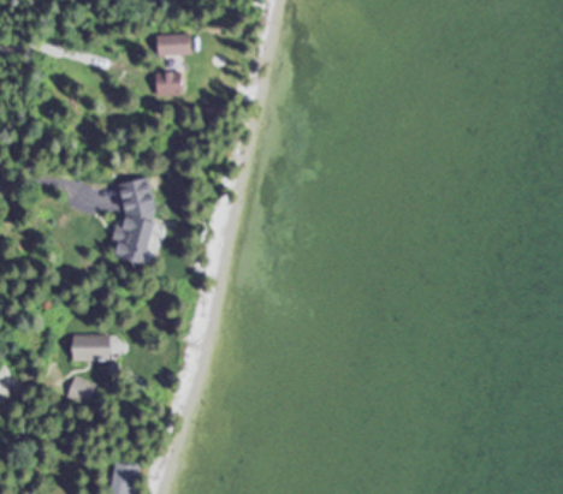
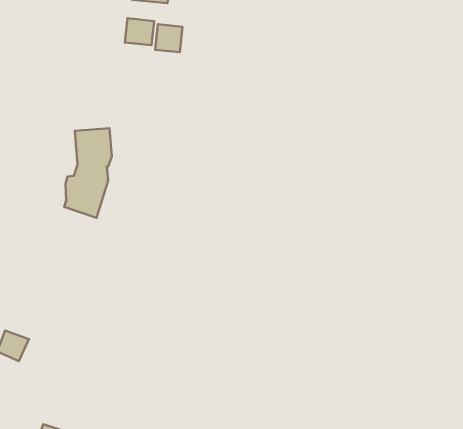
building: none -> [155,24,182,52]
building: [73,333,113,361] -> none

